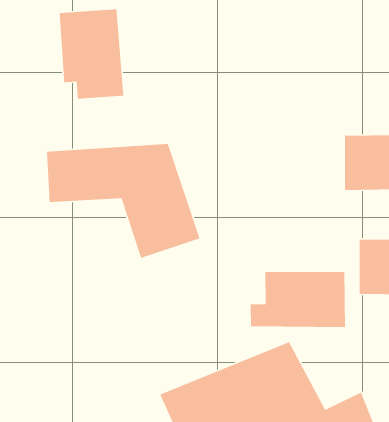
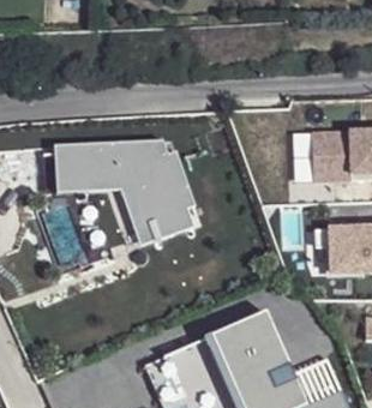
building: [59,9,124,99] -> none
building: [250,271,346,328] -> none

